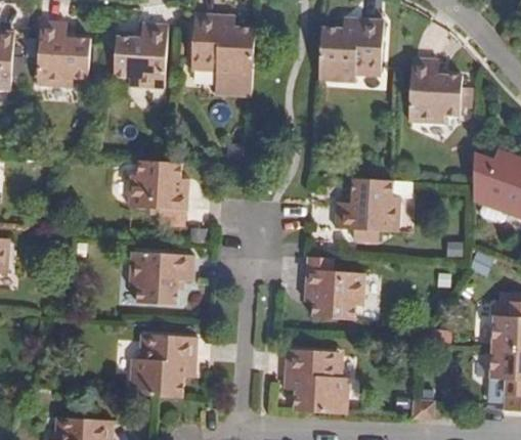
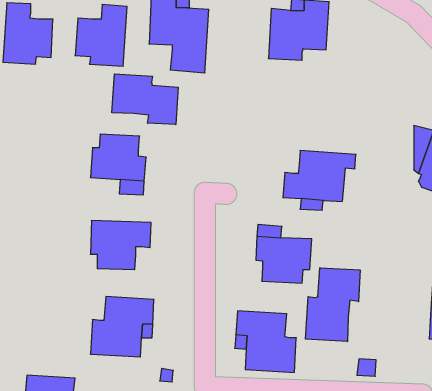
building: [409,57,463,124] -> none
building: none -> [112,74,178,125]
building: none -> [306,268,360,342]

